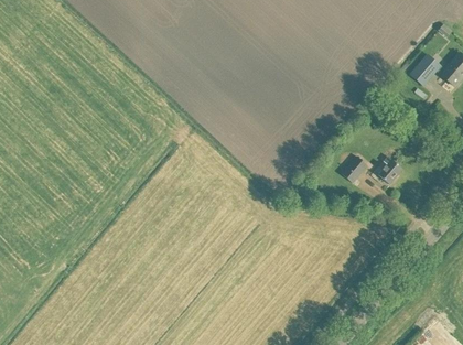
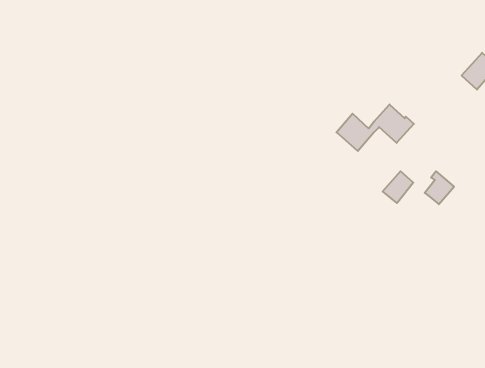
building: none -> [336,104,414,151]

